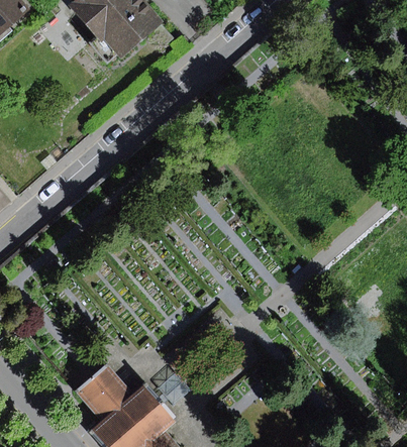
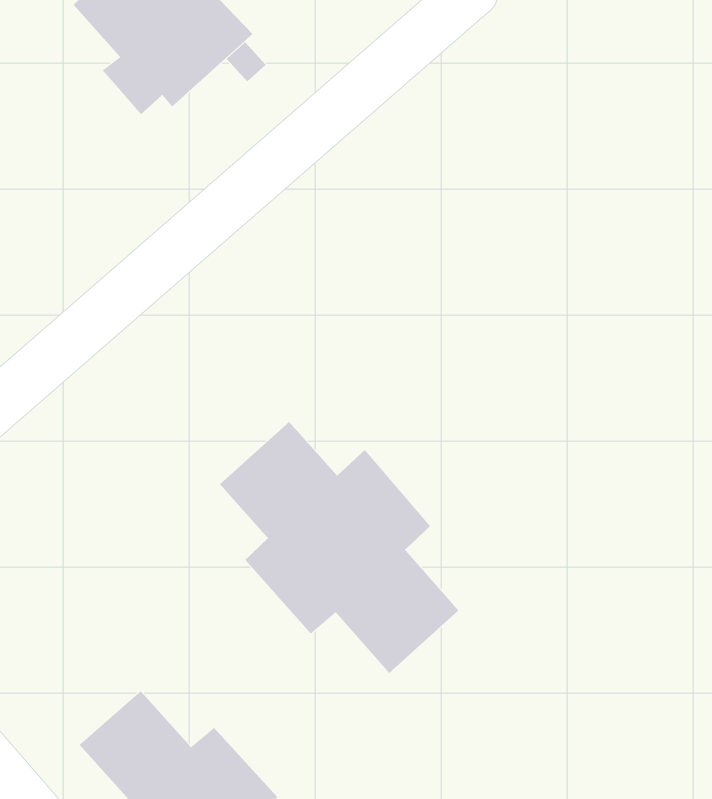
building: none -> [219,421,459,674]

